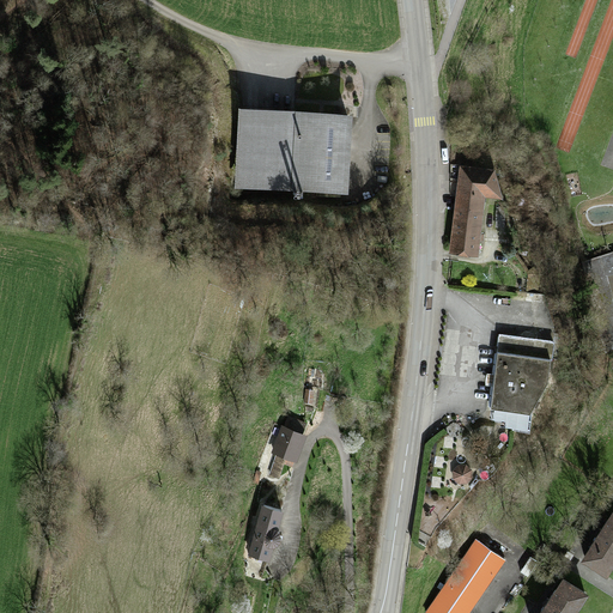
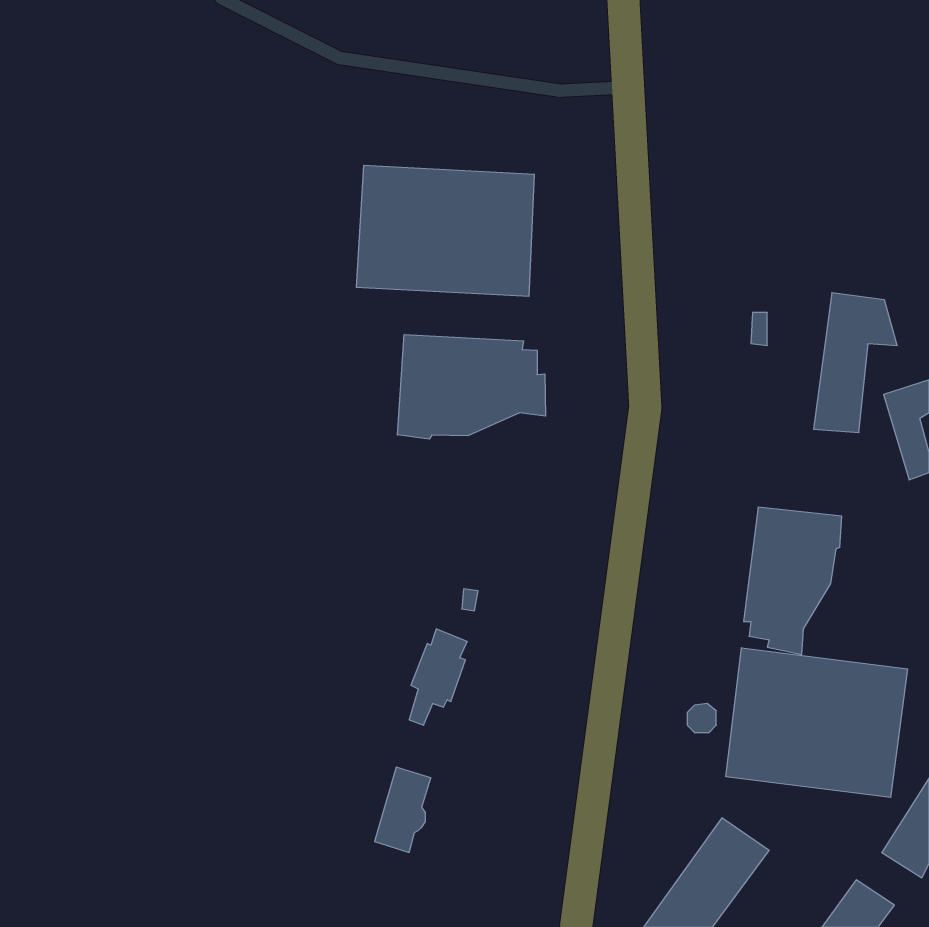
building: [448,164,503,256] -> [814,293,897,433]
building: none -> [397,335,546,439]
building: none -> [726,648,908,797]

